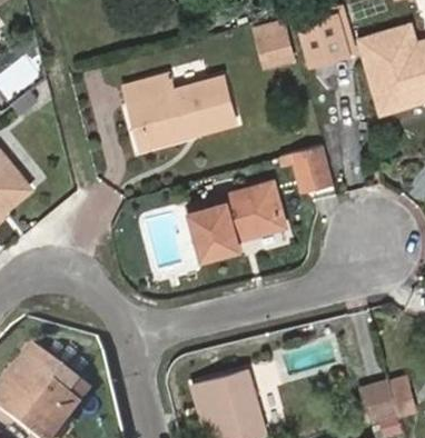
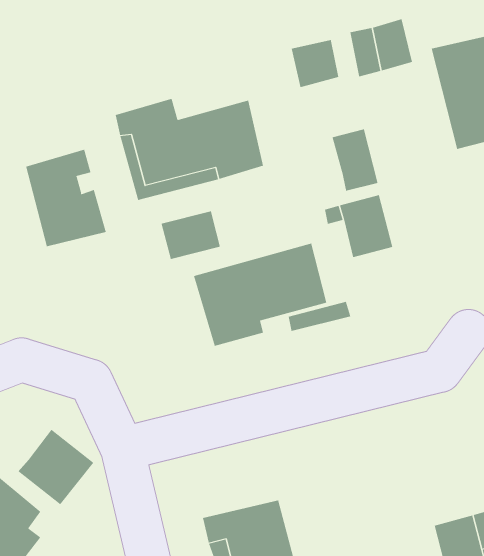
building: none -> [332,128,378,192]
building: none -> [25,149,107,247]
building: none -> [161,211,221,260]
building: none -> [18,429,94,505]

